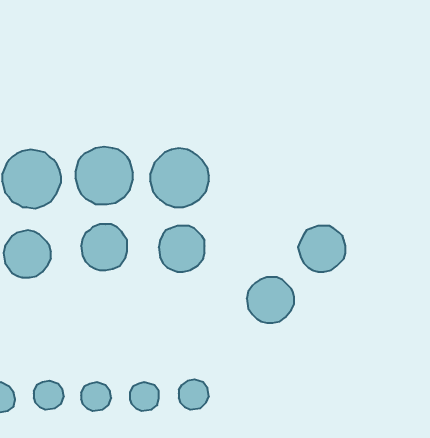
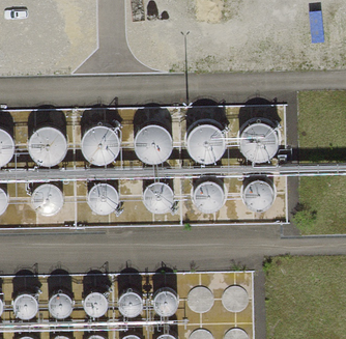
building: none -> [236,120,279,163]
building: none -> [186,122,229,165]
building: [247,277,294,323] -> [190,179,224,213]

